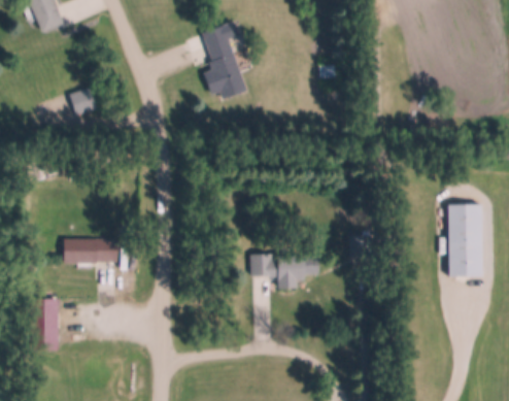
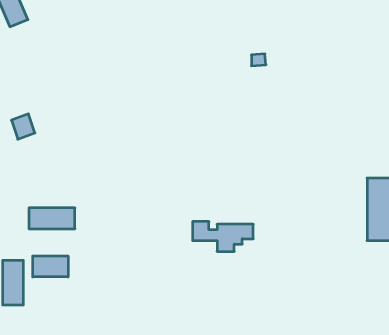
building: [202,20,246,98] -> none
building: [68,87,95,115] -> [11,114,35,139]
building: none -> [33,256,68,277]

